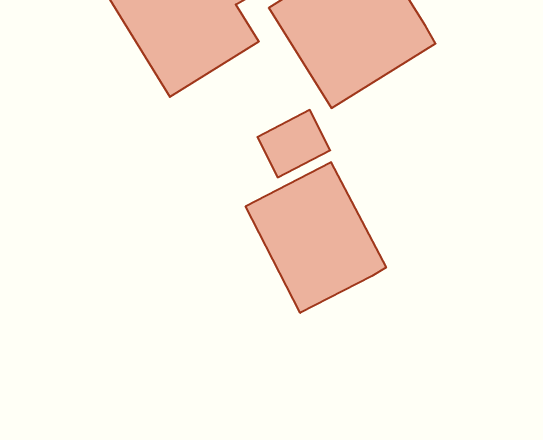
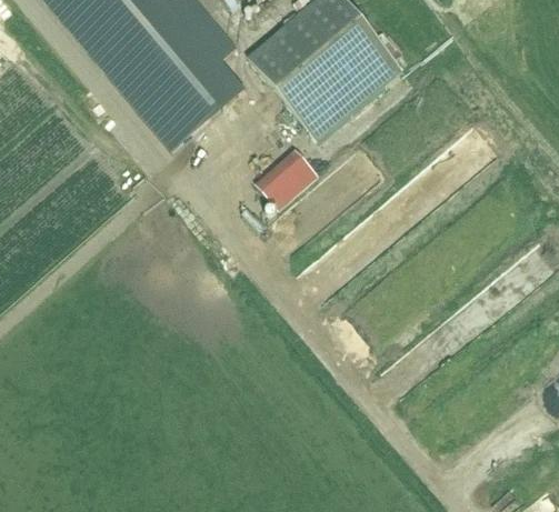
building: [246,162,386,313] -> none

